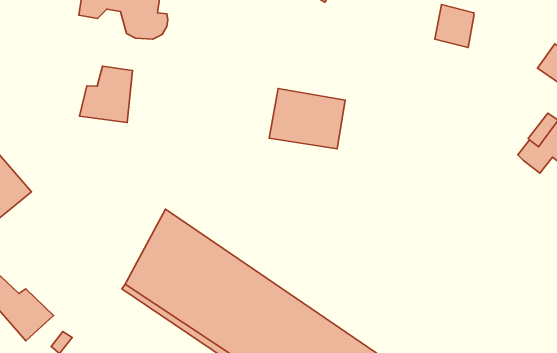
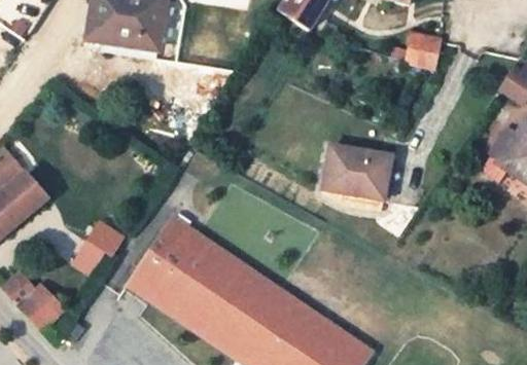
building: [79,66,132,123] -> none
building: [269,89,345,149] -> [321,146,389,199]
building: none -> [70,218,129,279]

